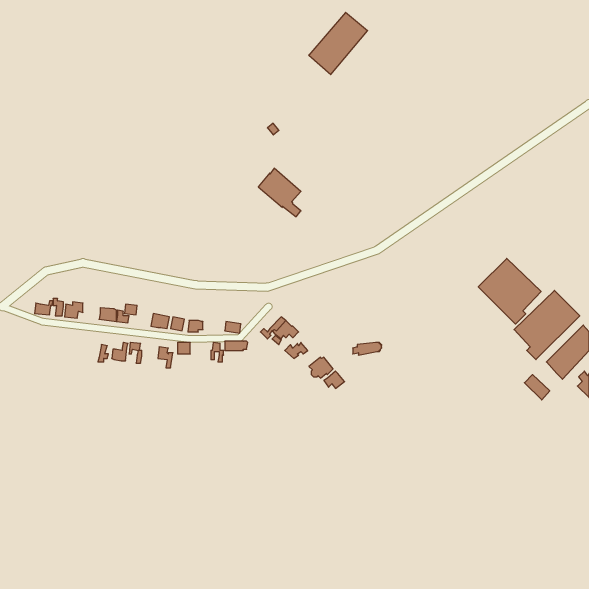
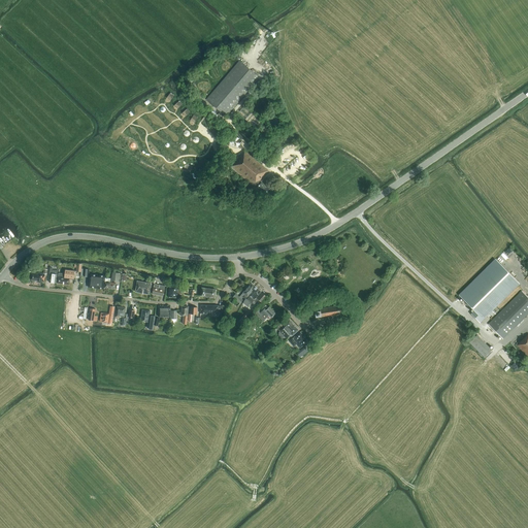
building: [309,12,368,75] -> [206,61,259,117]
building: [478,258,541,324] -> none

